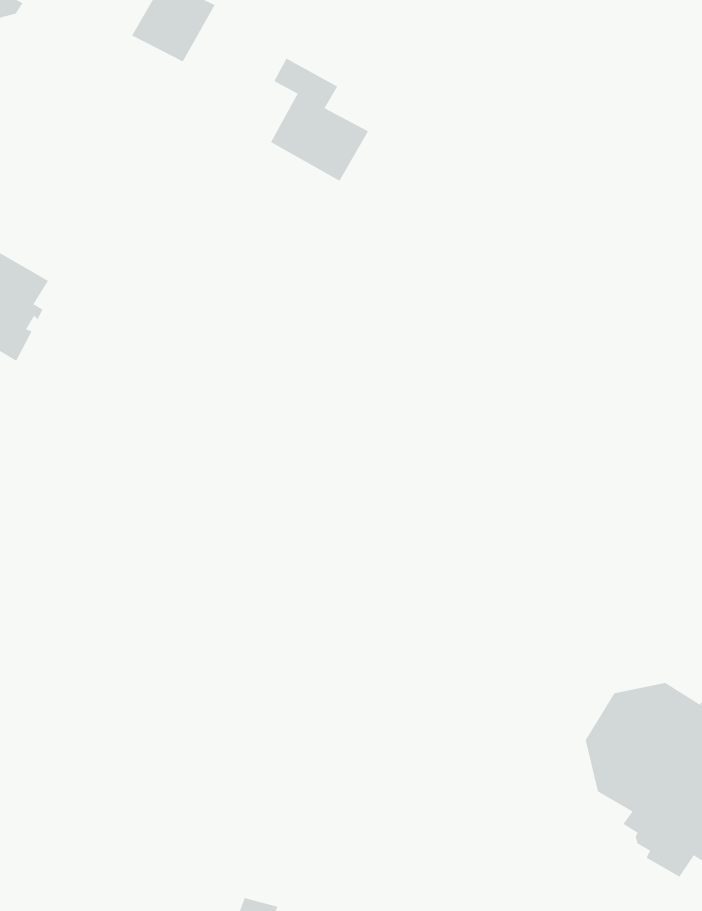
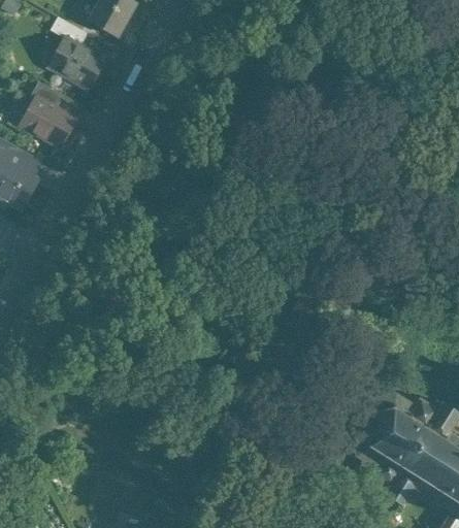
building: [270,58,369,181] -> [52,18,108,89]
building: none -> [25,84,75,145]

